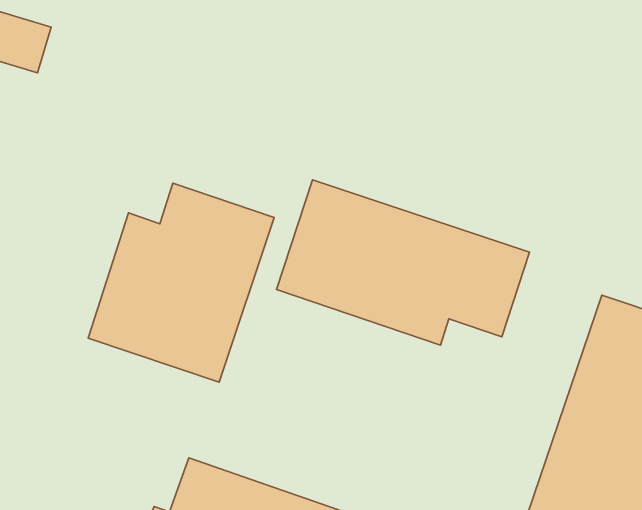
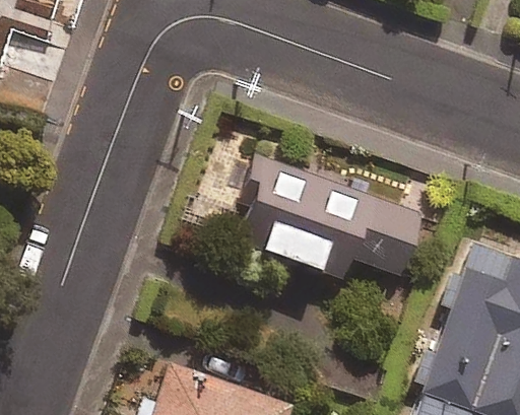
building: [88,183,274,382] -> none

